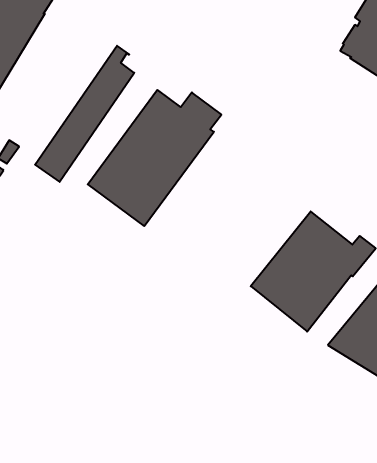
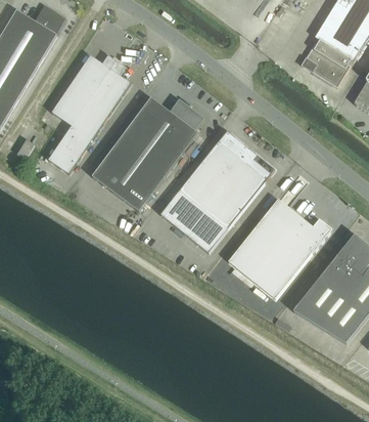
building: none -> [51,52,117,125]
building: none -> [160,130,275,252]

